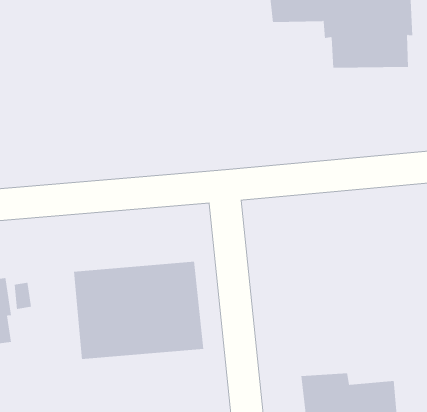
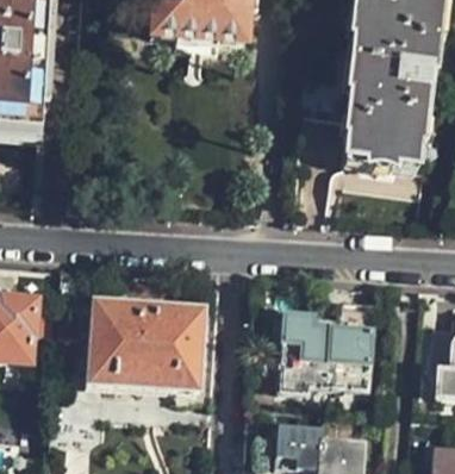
building: none -> [283,312,374,388]

